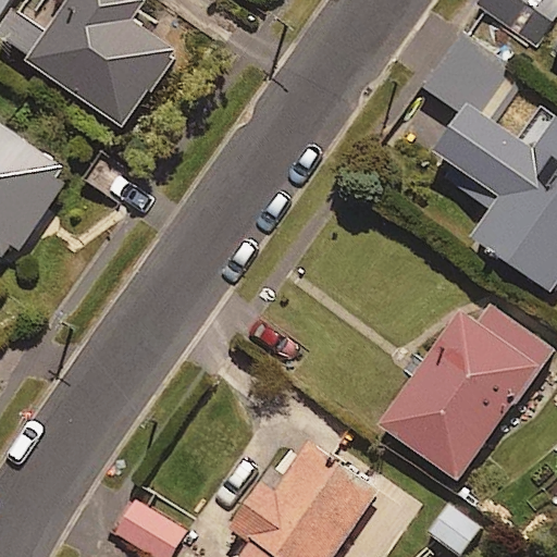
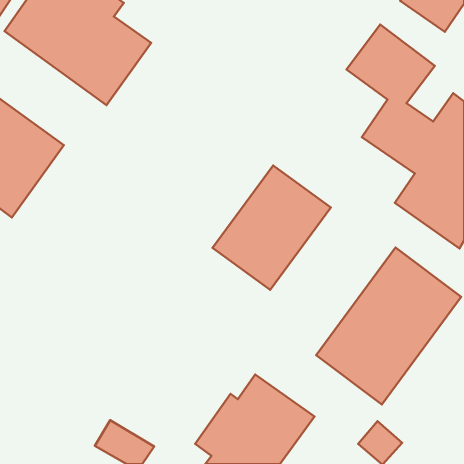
building: none -> [213,166,331,290]

